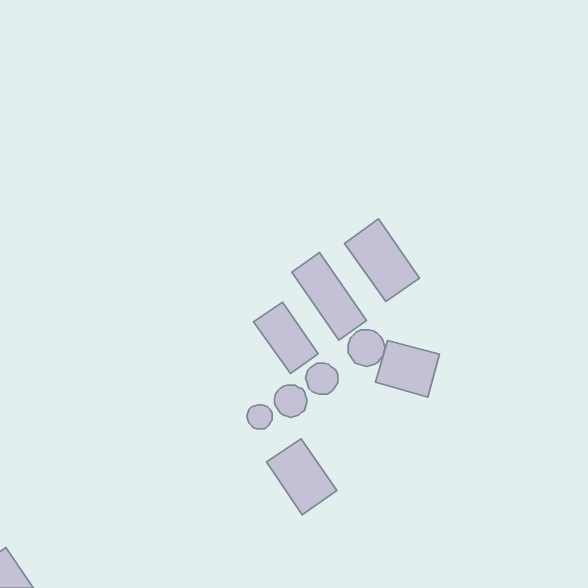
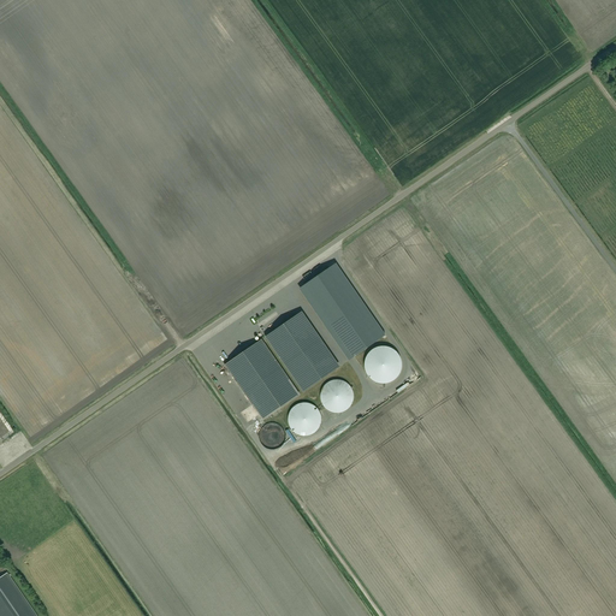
building: [344,219,419,301] -> none
building: [376,340,439,397] -> none
building: [266,439,337,515] -> [224,339,297,419]

